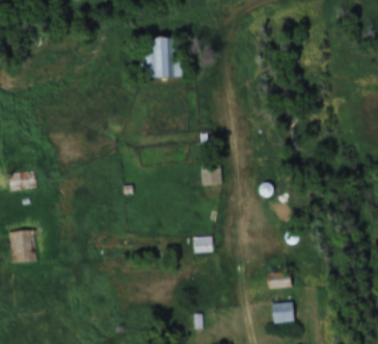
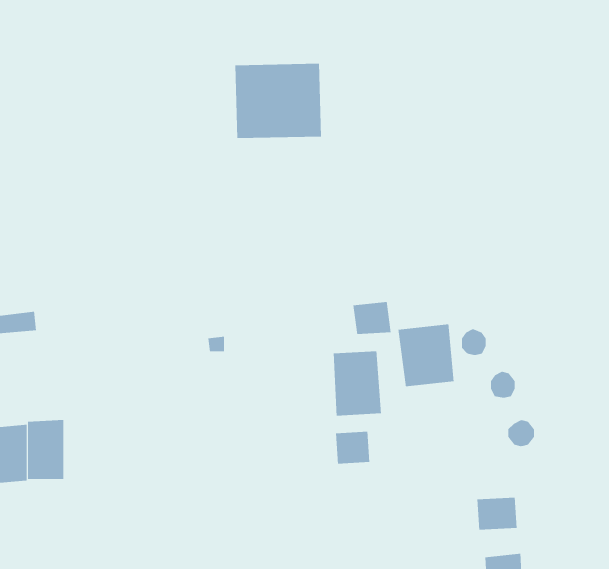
building: none -> [398,323,454,387]
building: none -> [333,351,381,417]

